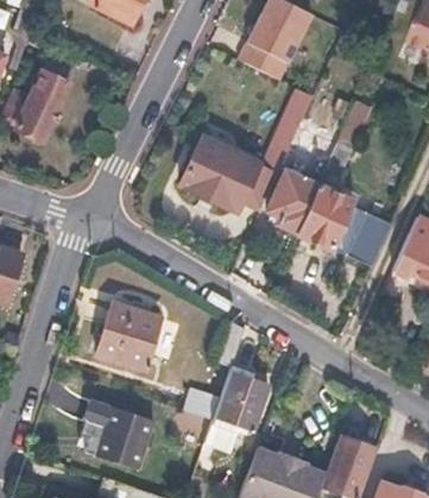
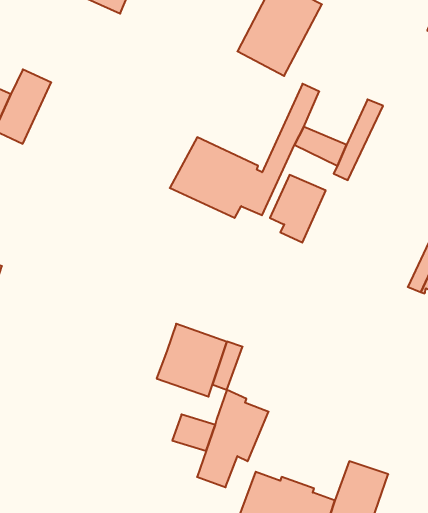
building: [296,185,353,251] -> none
building: [346,210,392,269] -> none
building: [95,305,159,372] -> [157,324,227,397]
building: [92,409,151,473] -> none

